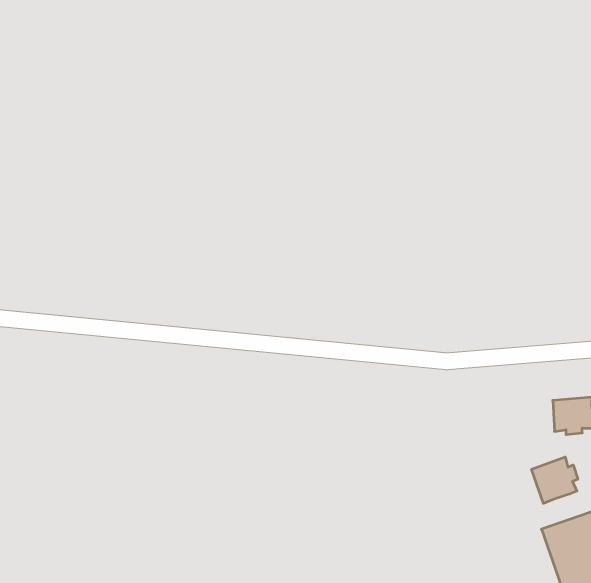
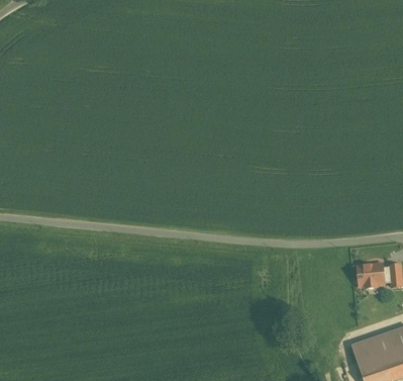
building: [532,457,578,503] -> none

